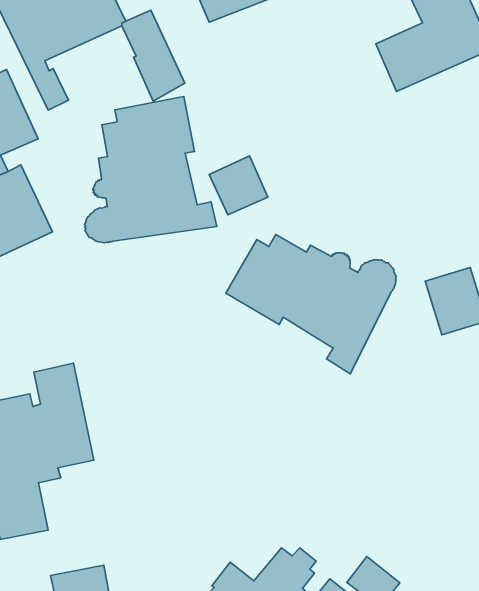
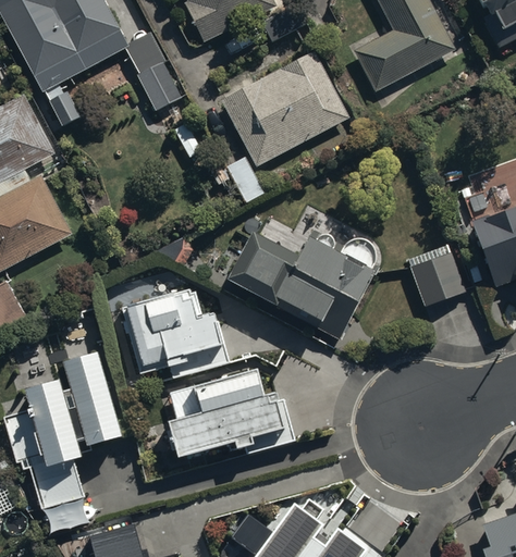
building: none -> [220,50,348,165]
building: [84,97,217,243] -> none
building: none -> [122,286,228,375]
building: none -> [167,371,293,456]

